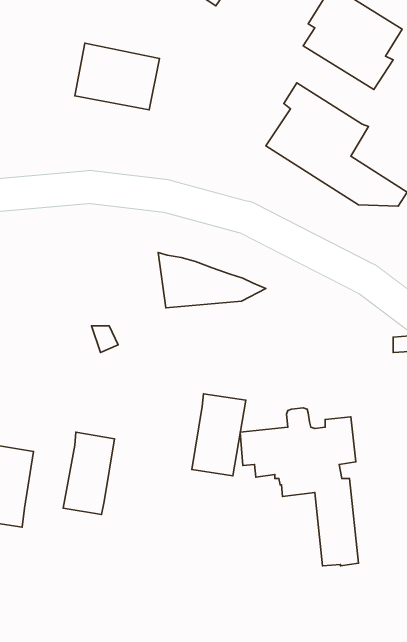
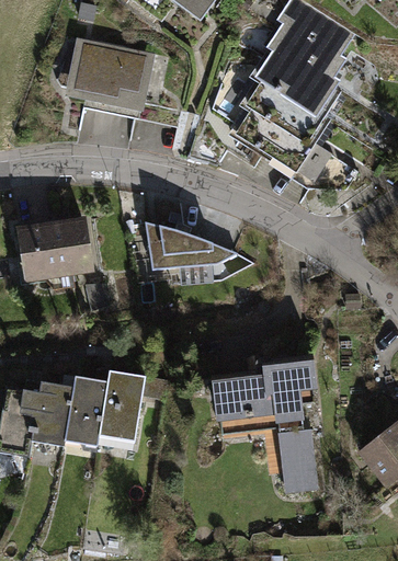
building: none -> [258,46,334,113]
building: none -> [20,221,90,277]
building: [192,394,246,476] -> [99,370,145,440]
building: none -> [31,381,73,446]

